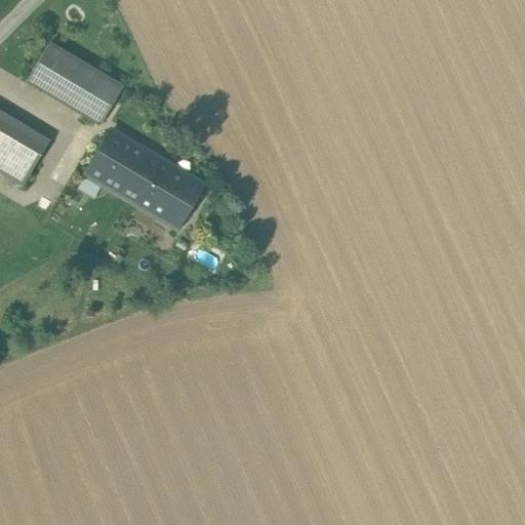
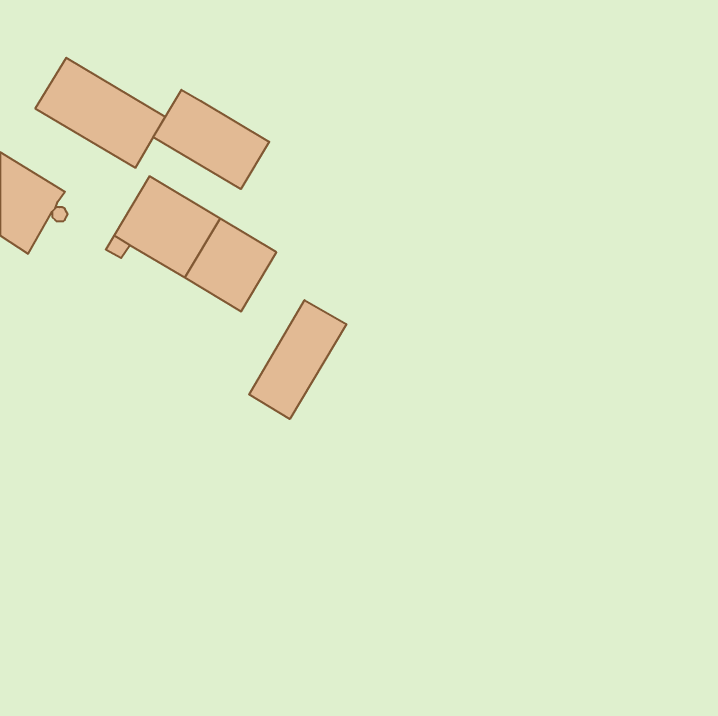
building: none -> [153,90,269,189]
building: none -> [249,300,346,419]

